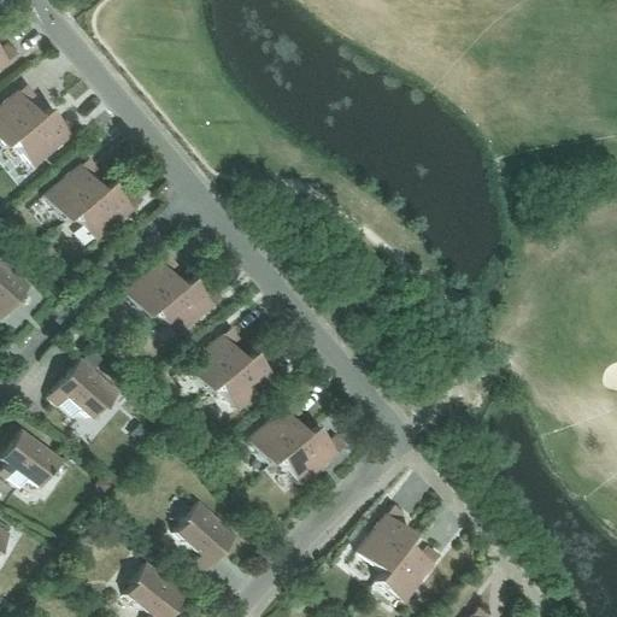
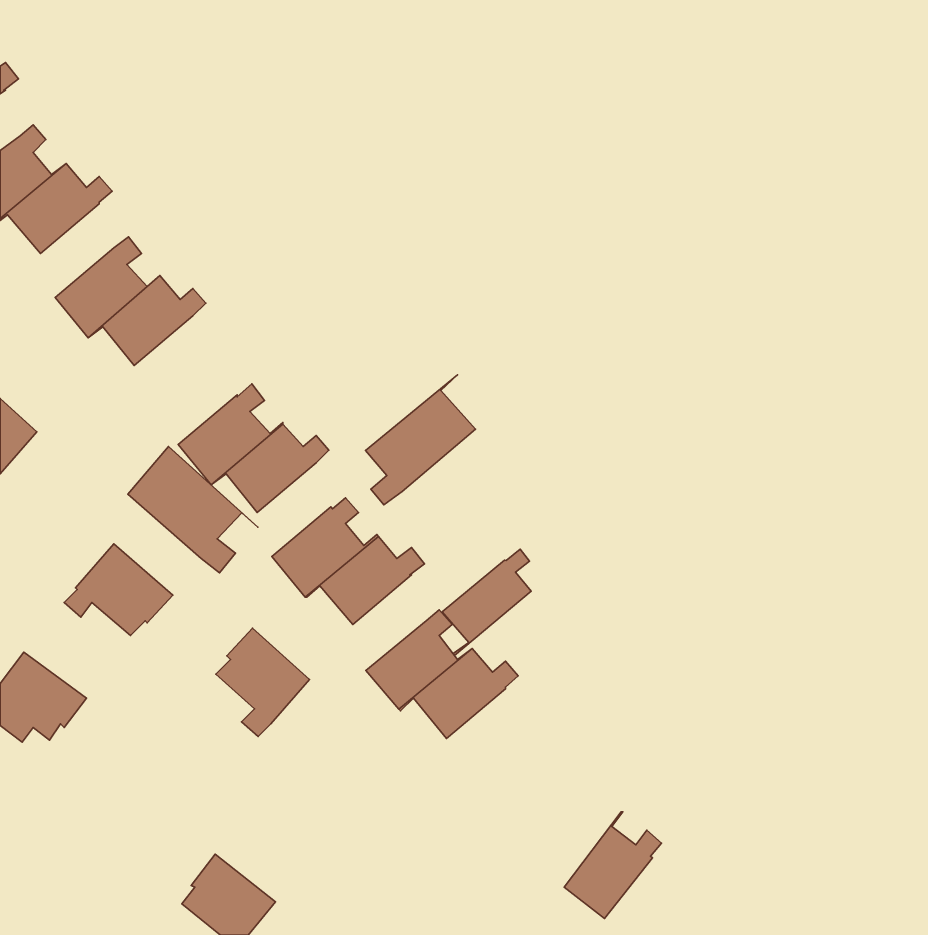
building: none -> [366,375,476,505]
building: none -> [128,446,258,573]
building: none -> [442,549,531,655]
building: [176,500,237,571] -> [216,628,309,737]
building: [358,504,415,582] -> none

